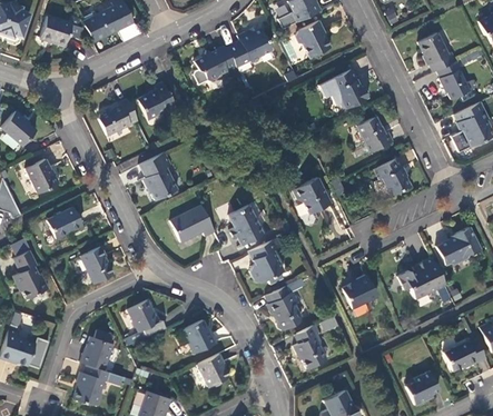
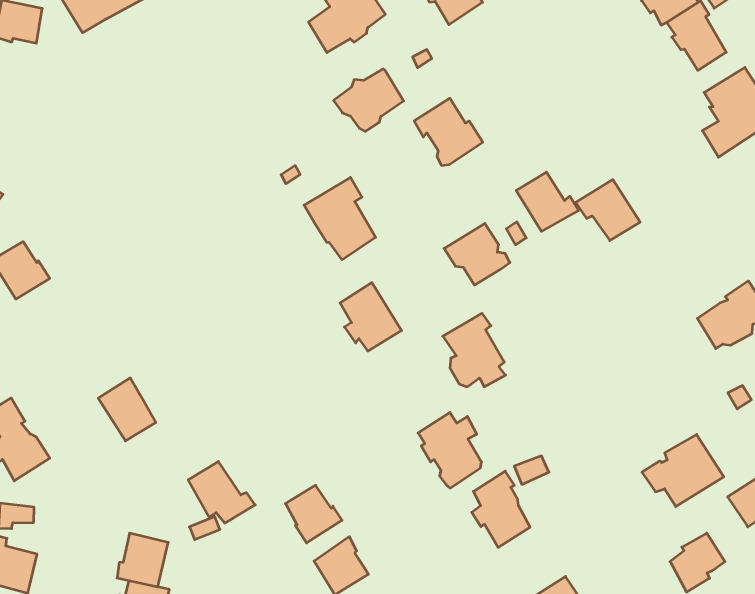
building: [195,47,236,82] -> [334,69,404,131]
building: [328,70,367,109] -> [414,98,483,165]
building: [138,82,175,119] -> none
building: [99,99,138,135] -> none
building: [357,117,393,151] -> [516,172,579,231]
building: [137,152,177,200] -> [304,177,376,260]
building: [170,205,214,241] -> none
building: [47,207,82,238] -> none
building: [248,240,283,284] -> [443,313,506,387]
building: [398,257,446,298] -> [642,434,724,507]
building: [343,275,377,308] -> none

